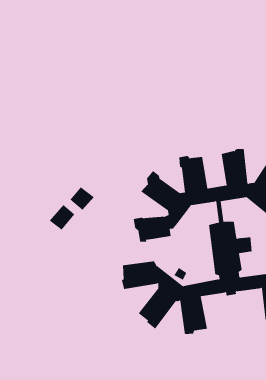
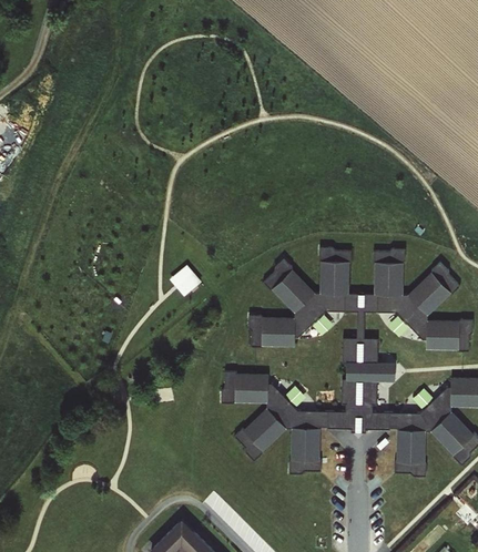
building: [49,204,75,231] -> none

